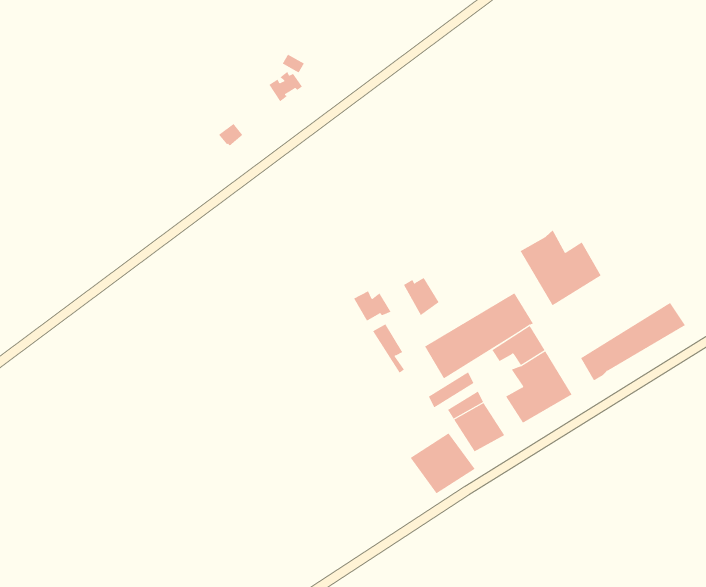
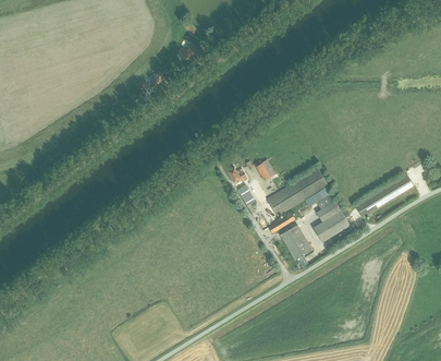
building: [520,229,601,306] -> none
building: [410,432,475,494] -> none

